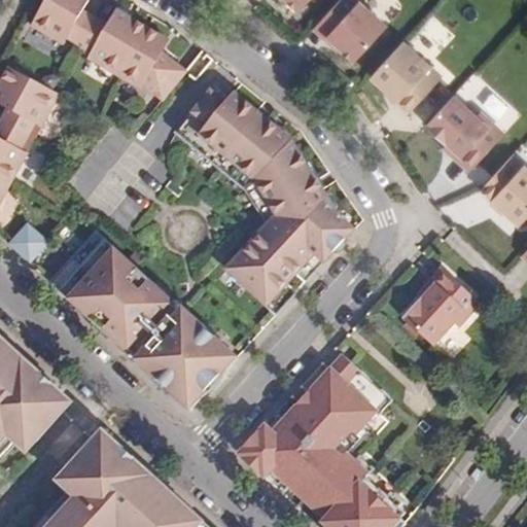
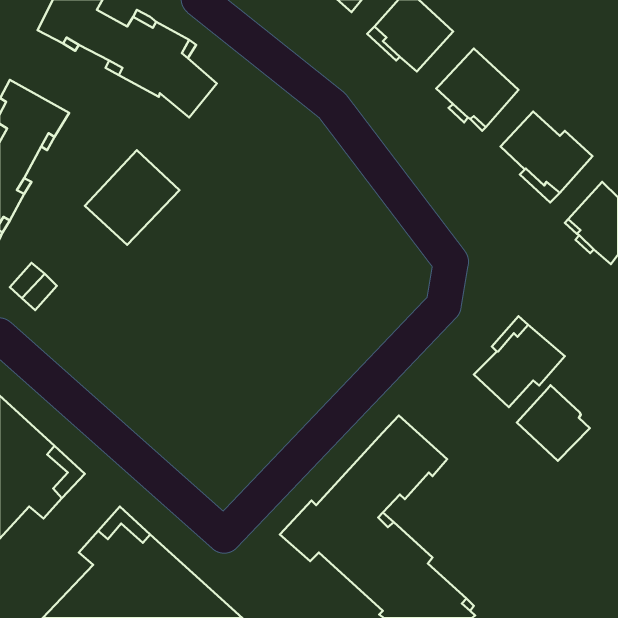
building: [174,90,353,314] -> none
building: [50,233,236,409] -> none
building: none -> [517,385,590,461]

